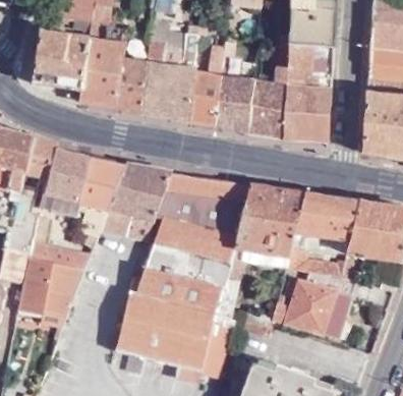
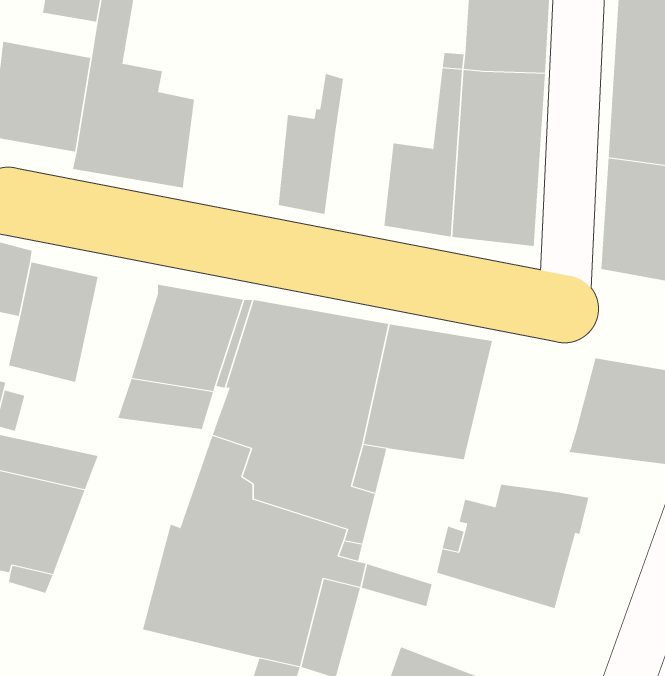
building: [137,34,197,119] -> none
building: [214,63,253,130] -> none
building: [72,158,123,253] -> none
building: [287,192,359,274] -> none

